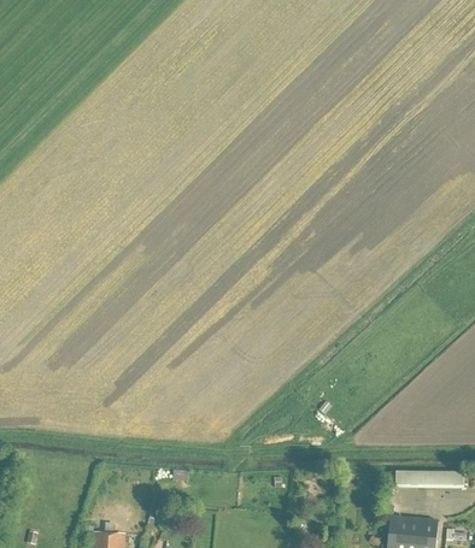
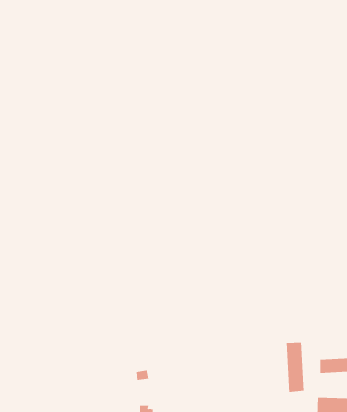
building: none -> [286,342,304,393]

